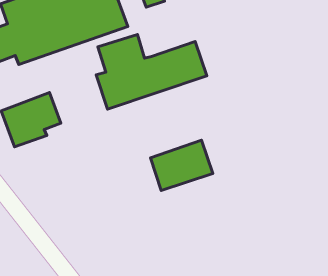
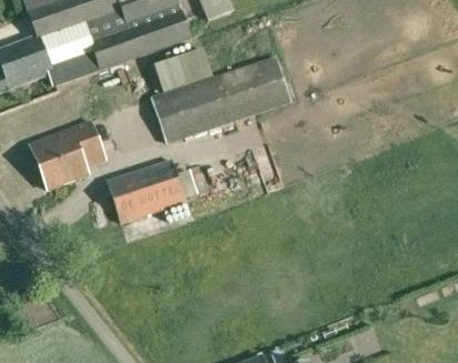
building: [151,140,213,190] -> [107,158,186,221]

